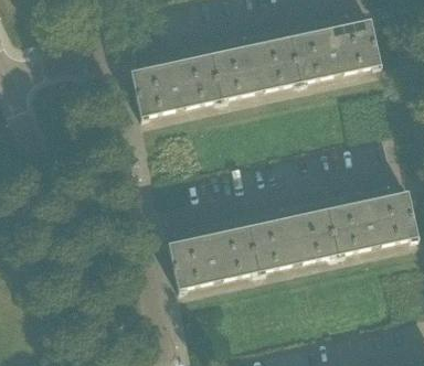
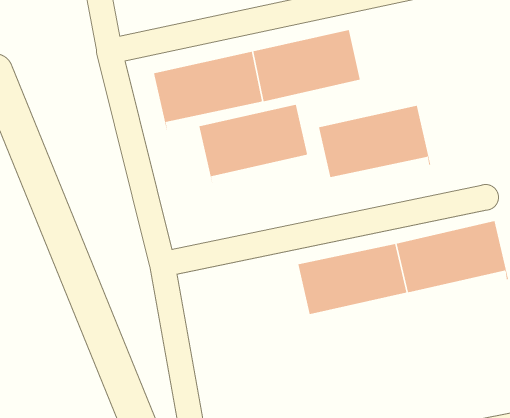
building: [290,20,382,86] -> [318,105,431,187]
building: [169,227,259,292] -> [198,104,310,185]

